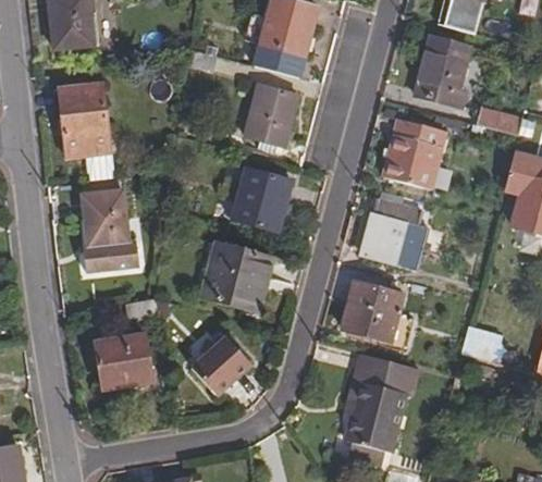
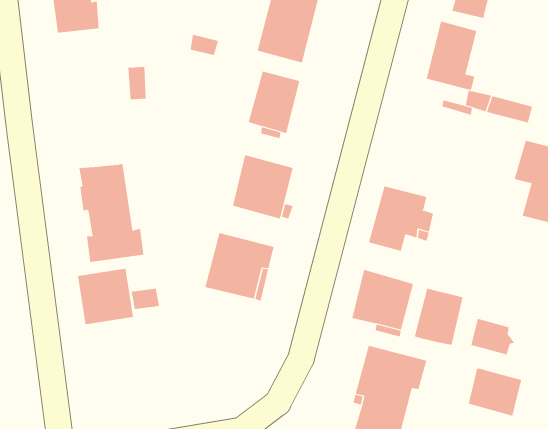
building: [63,82,116,178] -> none
building: [389,118,454,191] -> none
building: none -> [414,288,463,346]
building: [91,334,147,390] -> [77,268,134,325]
building: [188,334,249,393] -> none
building: none -> [468,368,522,417]

